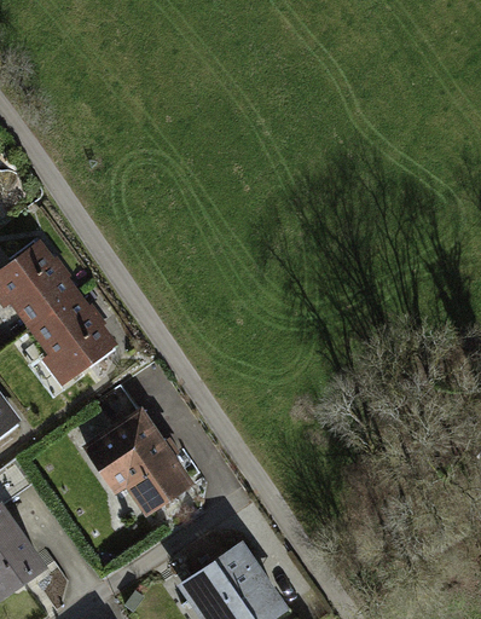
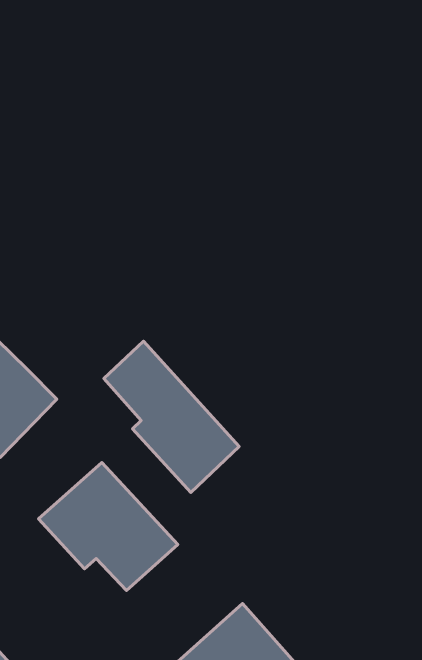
building: none -> [104,341,239,493]

